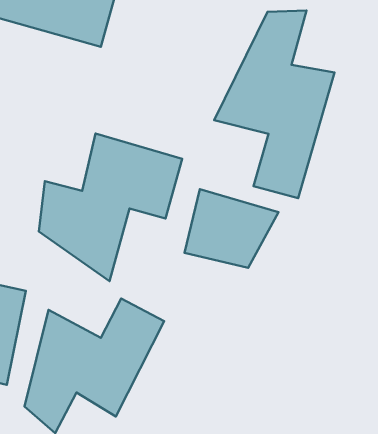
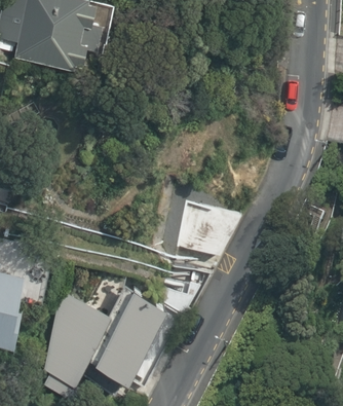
building: [214,10,335,198] -> none
building: [39,134,182,281] -> none

